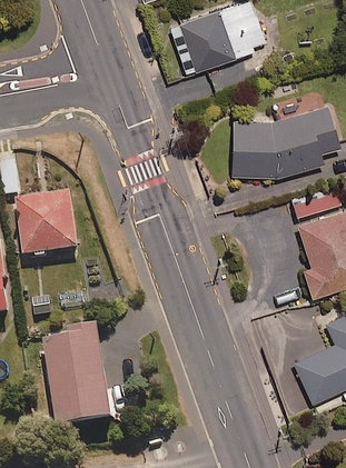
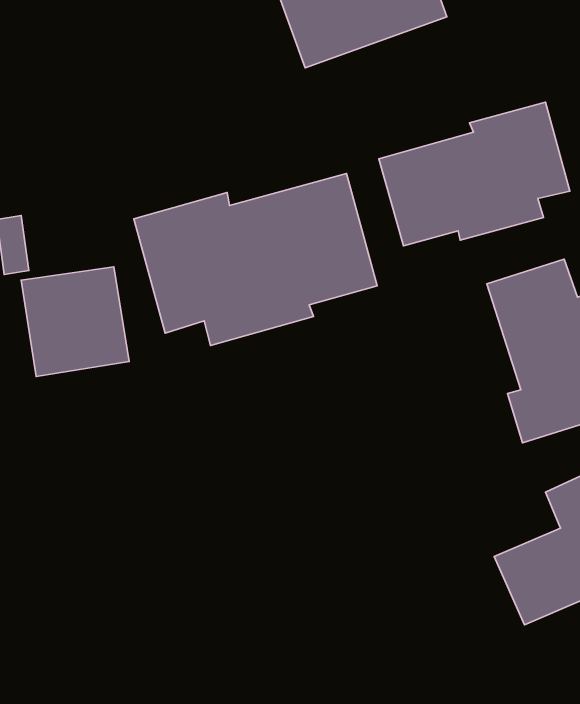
building: none -> [134,174,377,345]
building: [43,325,112,428] -> none

